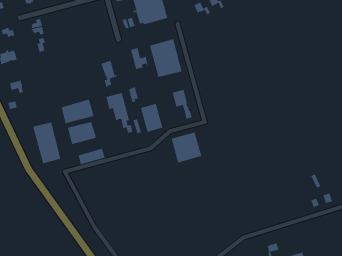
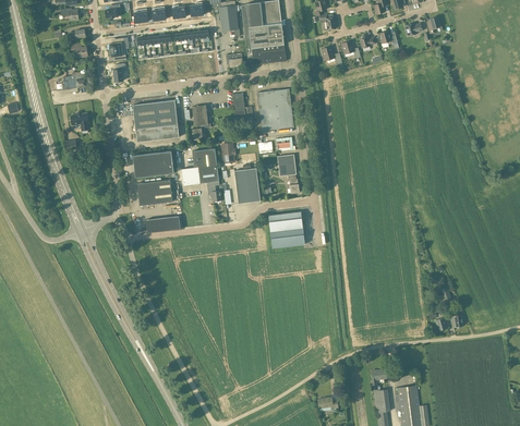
building: none -> [133,99,179,141]
building: [32,122,61,164] -> none

